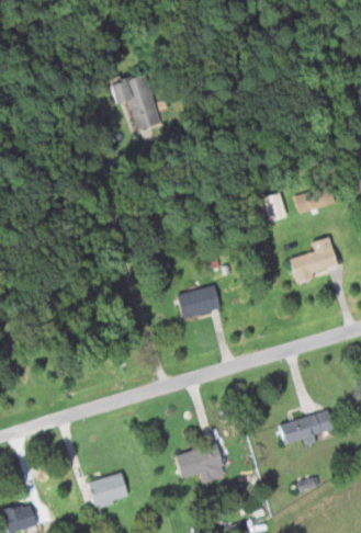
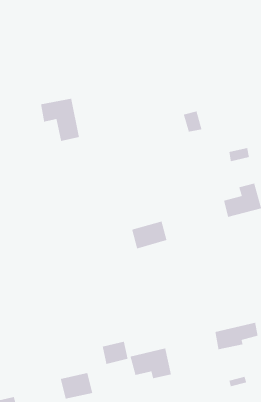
building: [110,73,159,128] -> [40,98,80,142]
building: [262,193,286,220] -> [183,111,202,133]
building: none -> [102,341,128,365]

